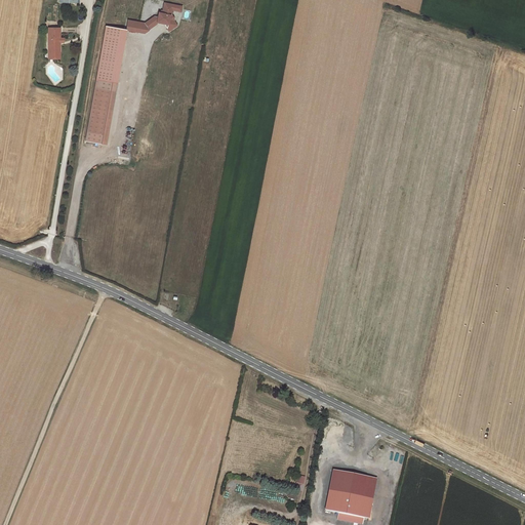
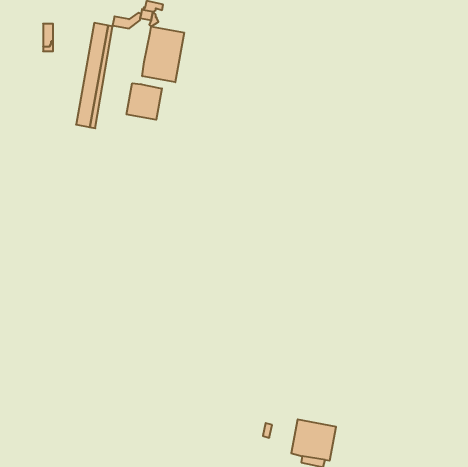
building: none -> [142,27,184,82]
building: none -> [127,83,162,120]

